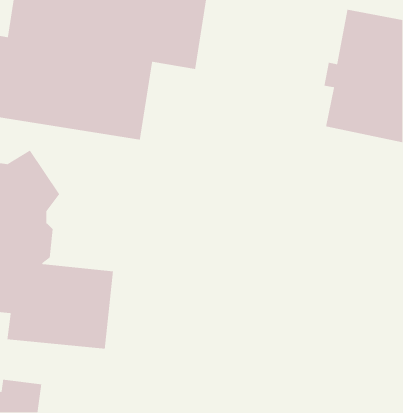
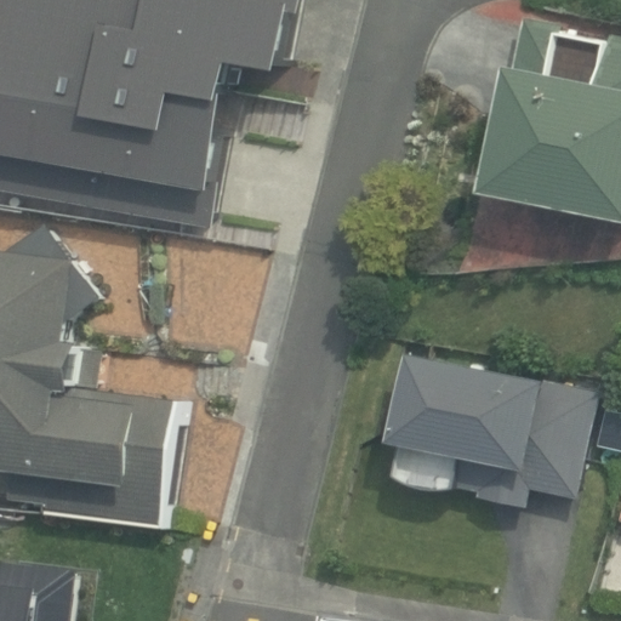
building: none -> [388,353,594,506]

